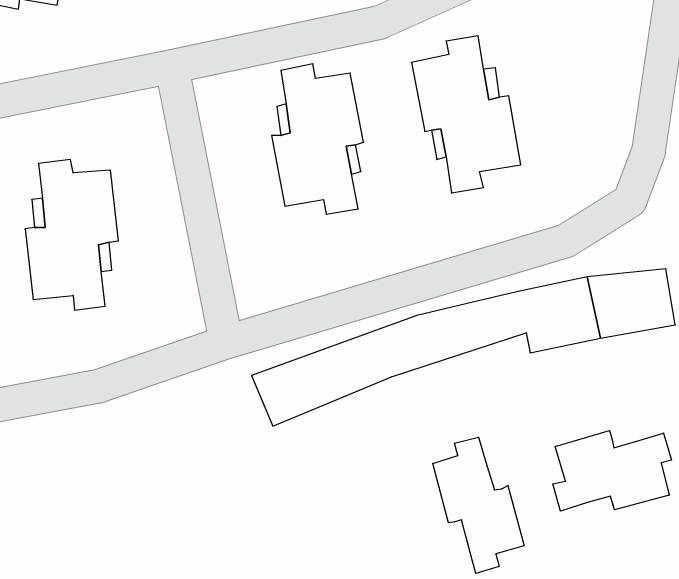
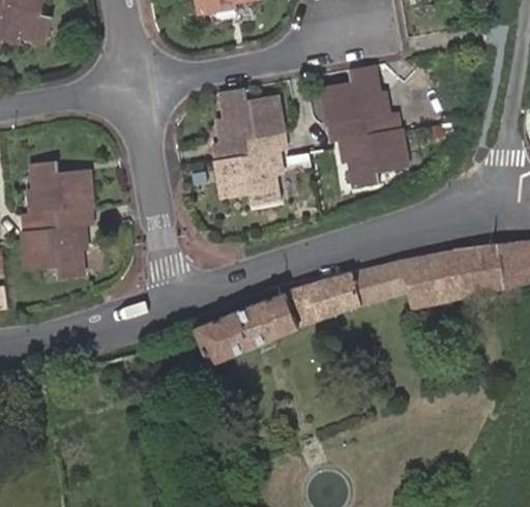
building: [553,431,672,511] -> none
building: [433,437,524,573] -> none

